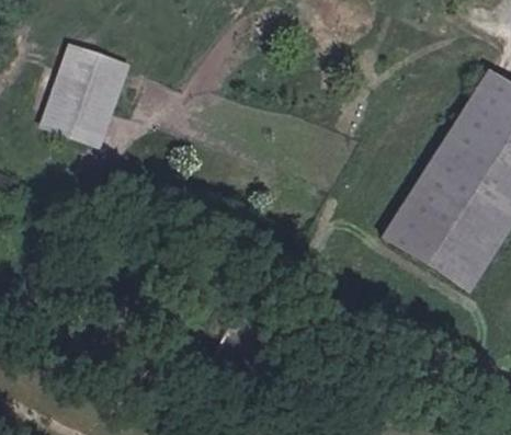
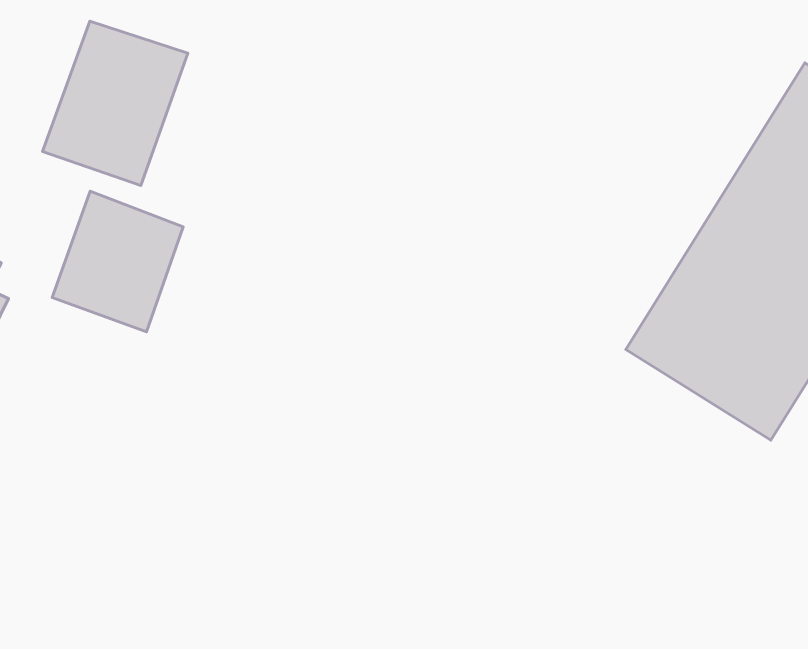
building: none -> [52,191,183,332]

